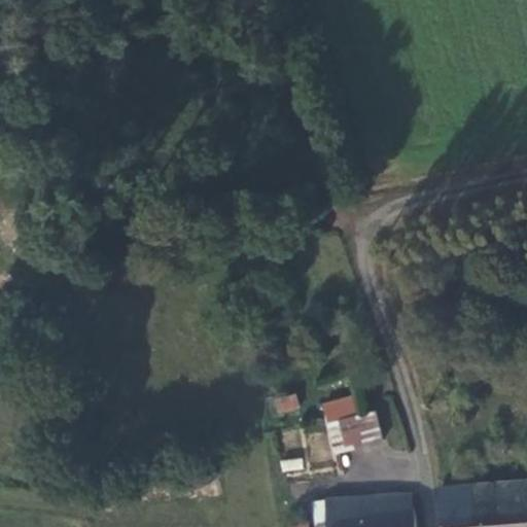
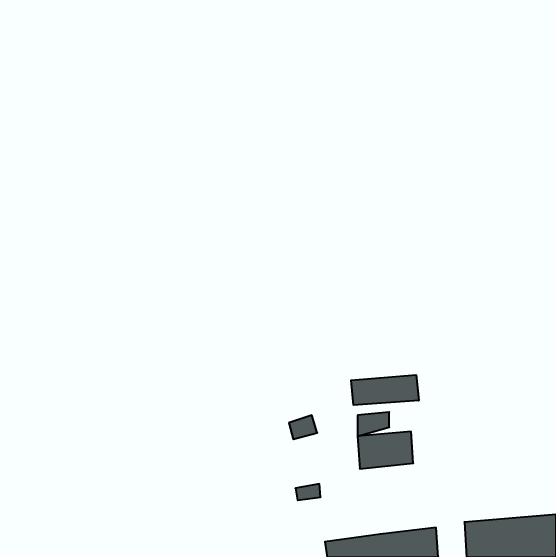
building: none -> [351,375,419,405]

